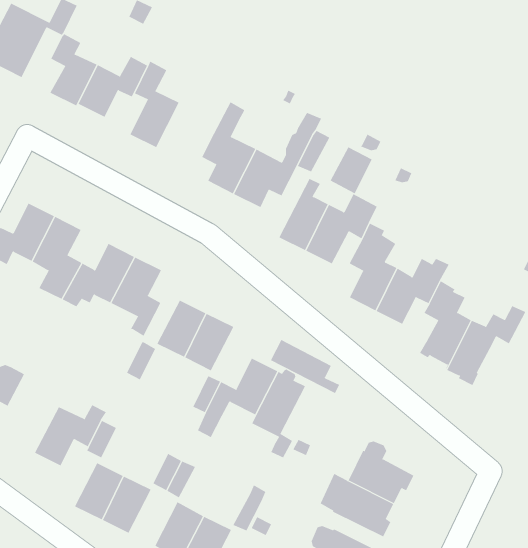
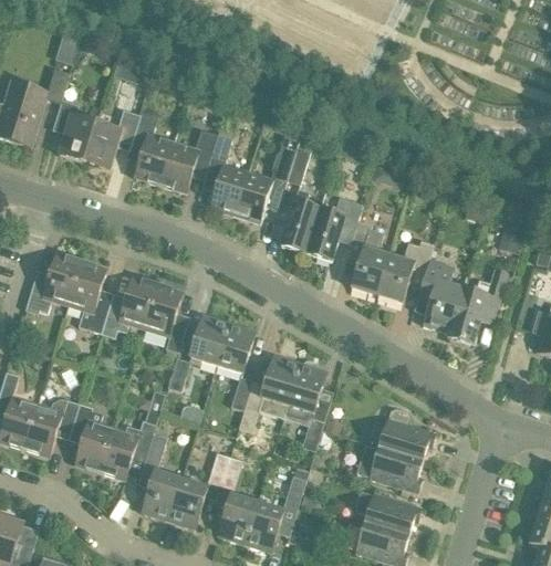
building: none -> [160,129,218,193]
building: [330,146,373,194] -> none
building: [270,339,340,394] -> none
building: none -> [70,403,114,471]

